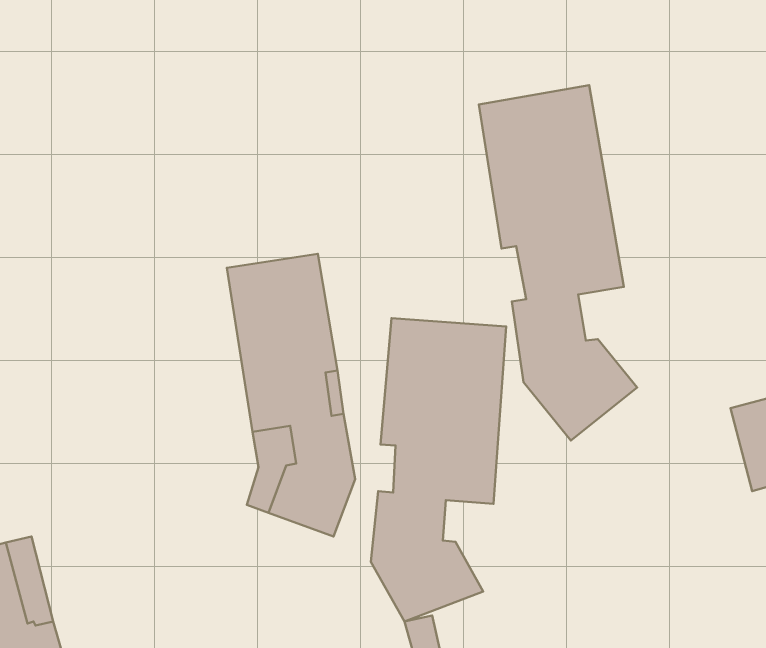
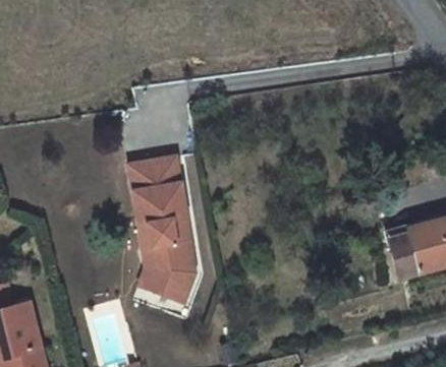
building: [479,85,637,441] -> none
building: [371,318,506,621] -> none

